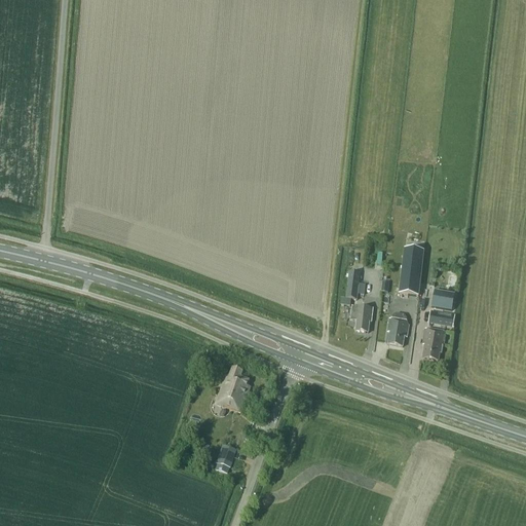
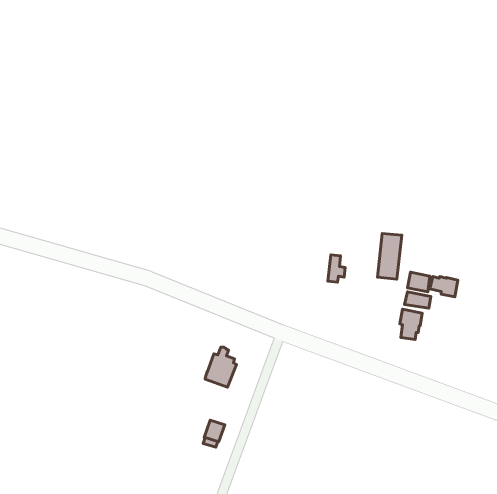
building: none -> [430,277,458,297]
building: [351,305,373,331] -> none
building: [387,311,409,345] -> none

